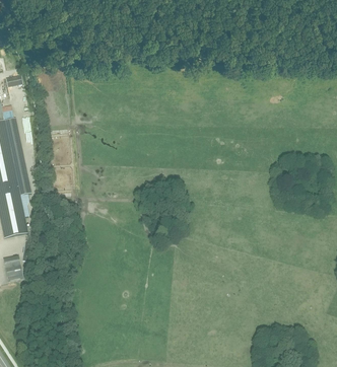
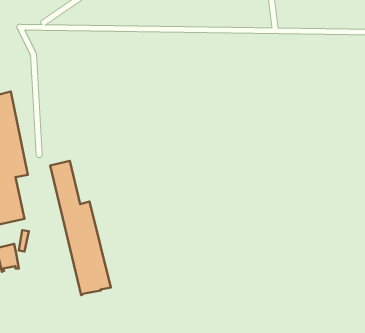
building: none -> [50,161,111,295]

